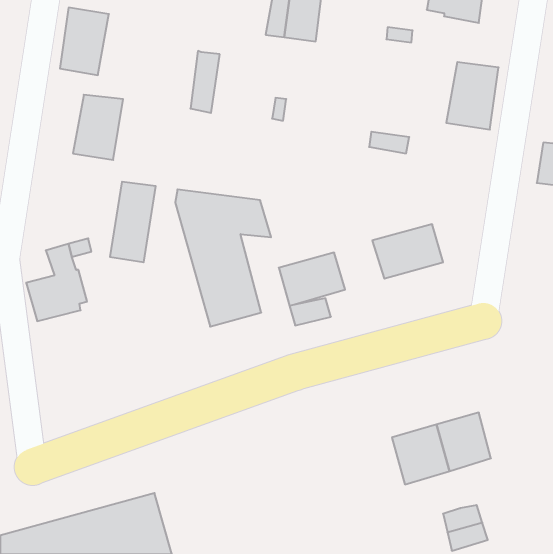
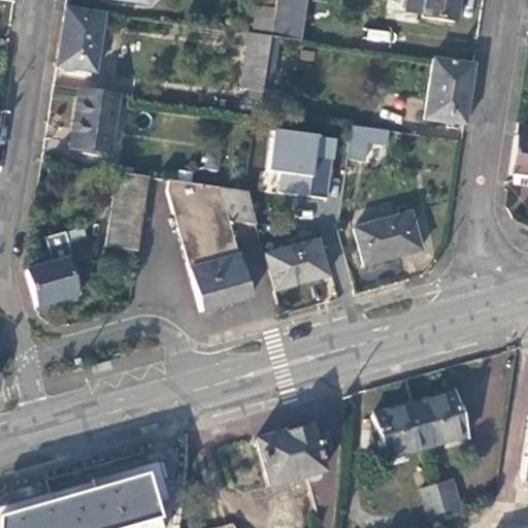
building: [190,51,220,113] -> [244,32,272,91]
building: none -> [267,127,339,195]
building: none -> [258,425,325,487]

